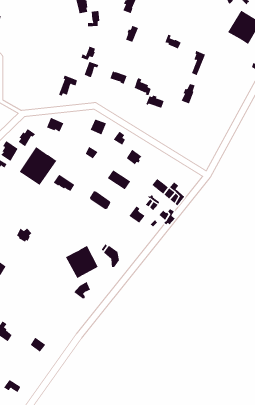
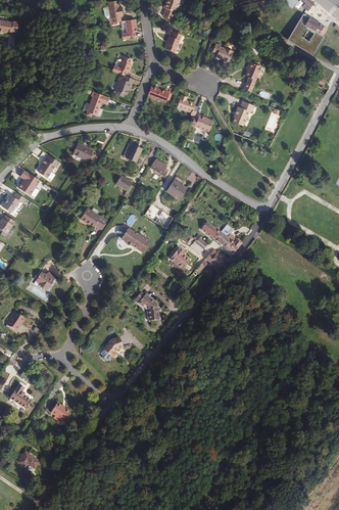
building: [19,146,57,186] -> none
building: [65,245,98,279] -> none

